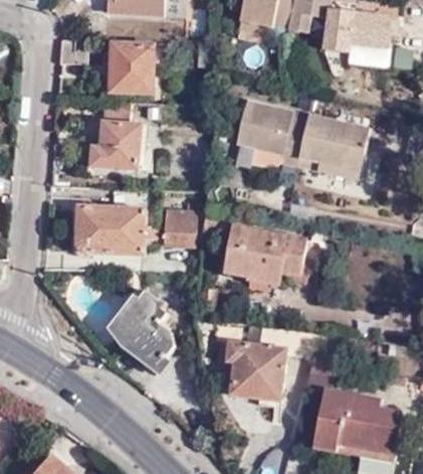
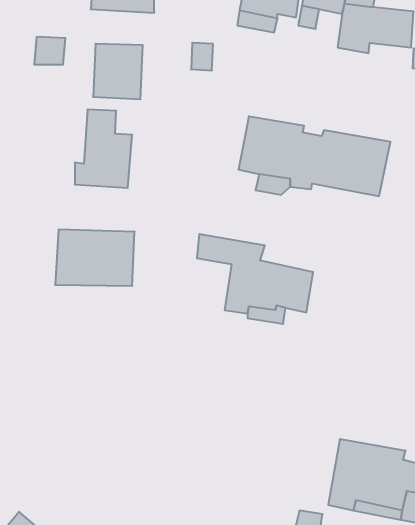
building: [161,208,202,246] -> none
building: [108,290,176,377] -> none
building: [223,325,309,401] -> none

